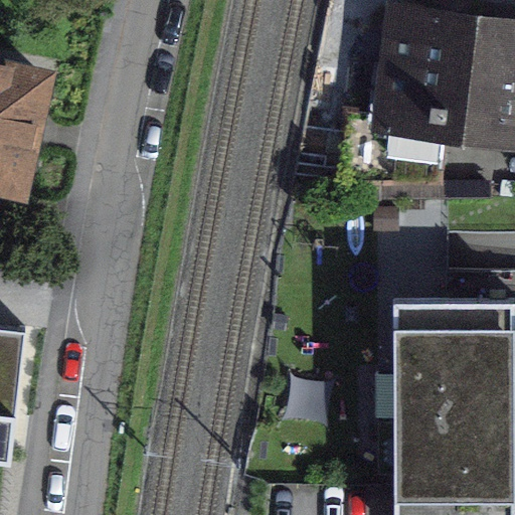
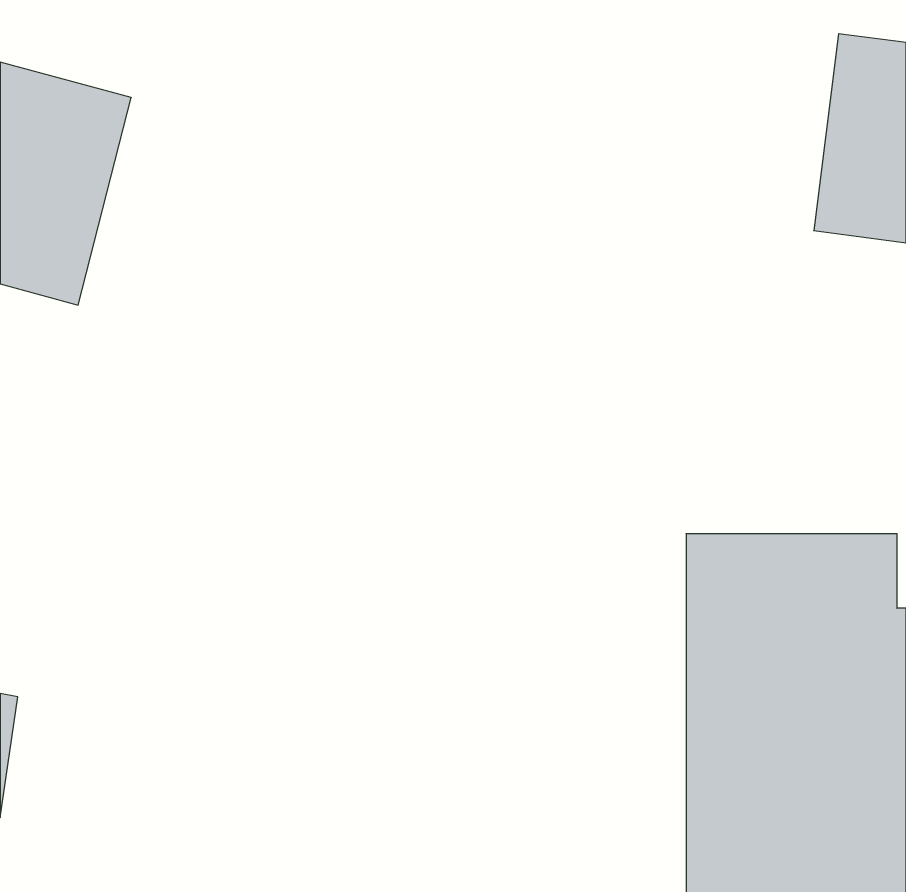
building: [383,17,476,139] -> none

